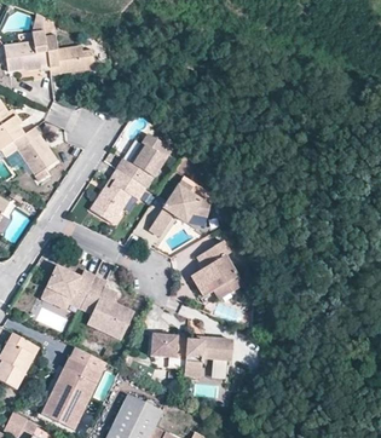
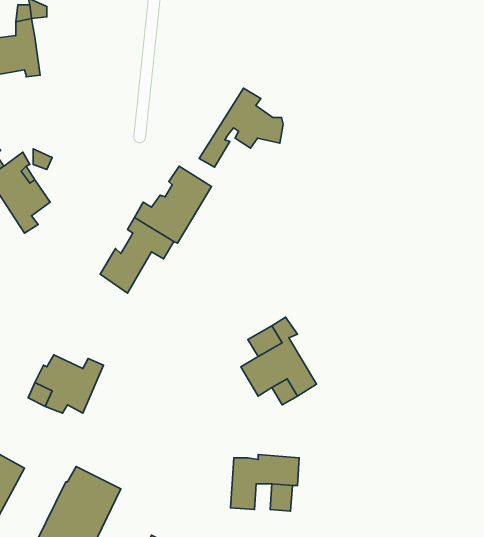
building: [46,41,94,74] -> none
building: [148,178,207,234] -> [199,88,283,167]
building: [80,273,132,338] -> none
building: [151,332,187,357] -> none

